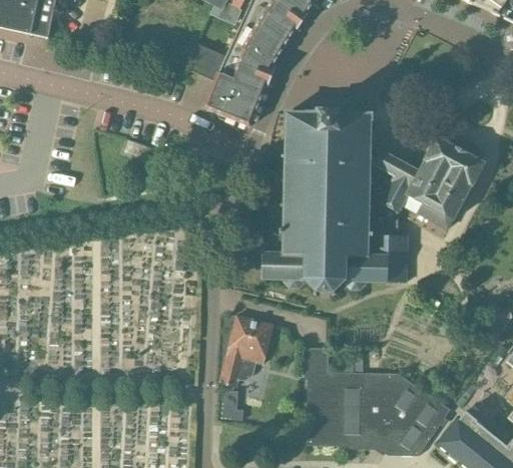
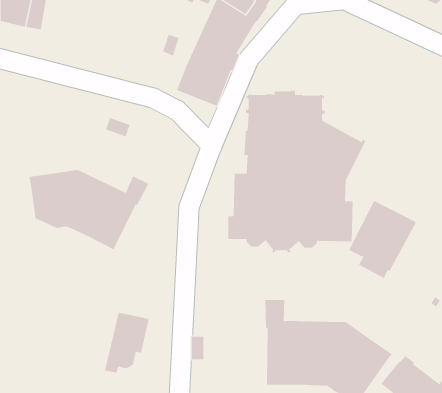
building: [407,136,485,226] -> [349,200,417,279]
building: none -> [29,169,149,250]
building: [220,315,273,385] -> [104,312,150,373]

